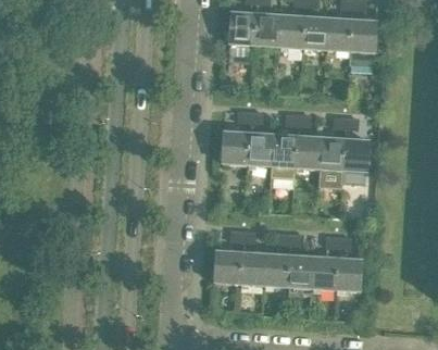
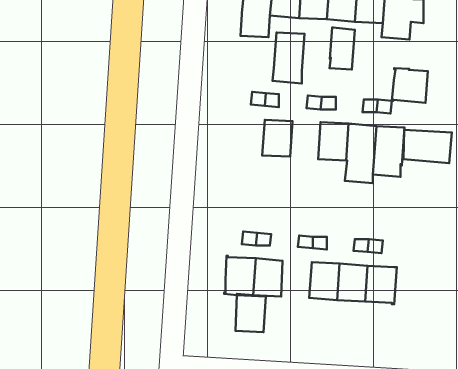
building: none -> [329,27,355,70]
building: none -> [392,68,428,103]
building: [223,129,250,163] -> none
building: [271,134,298,177] -> [273,33,304,83]
building: none -> [404,130,452,163]
building: [264,253,290,285] -> [235,295,266,332]

